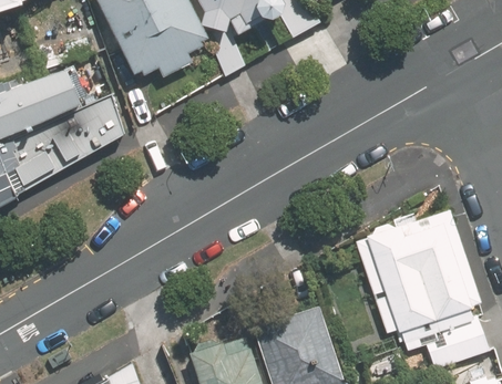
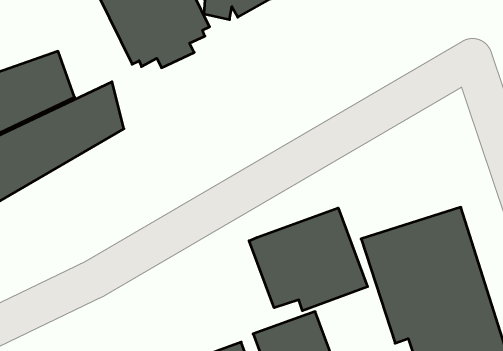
building: none -> [249,208,368,311]

